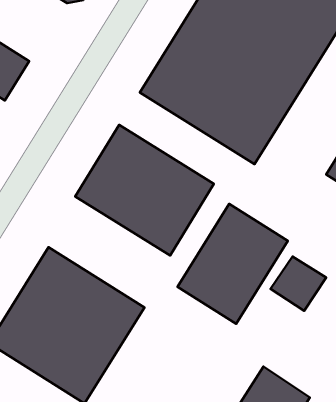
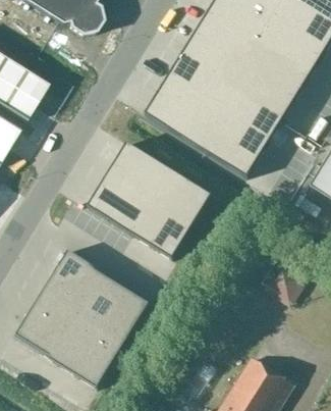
building: [177,204,288,324] -> none

